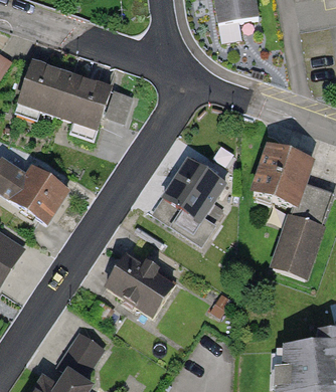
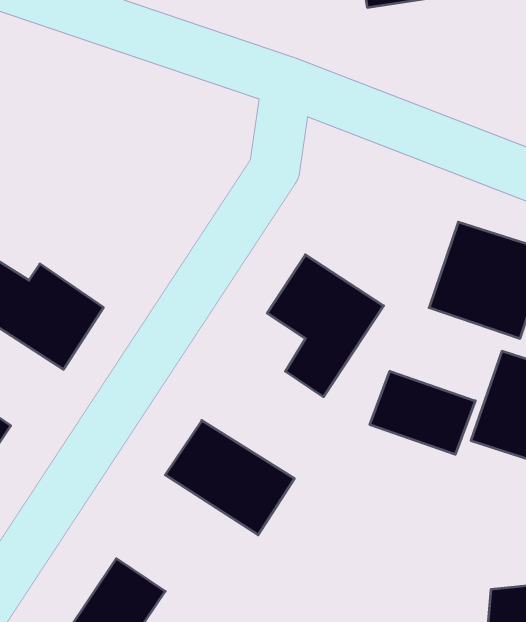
building: [17,58,111,123] -> none
building: none -> [370,371,475,454]

